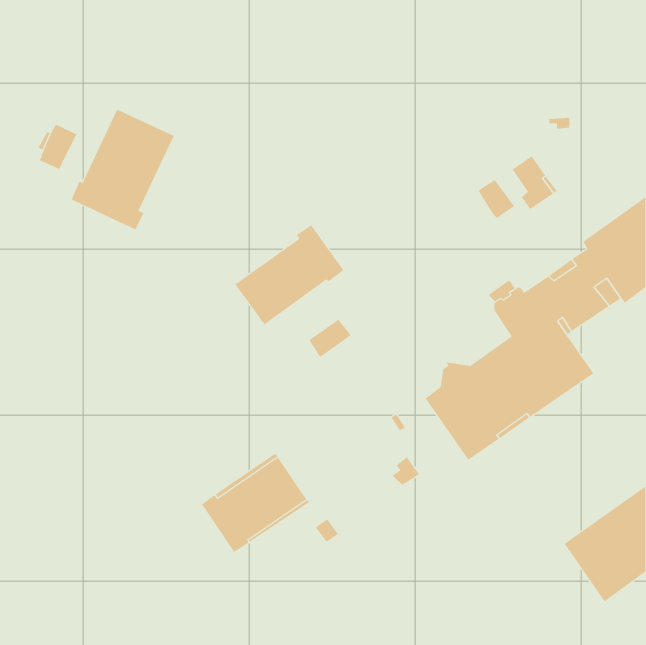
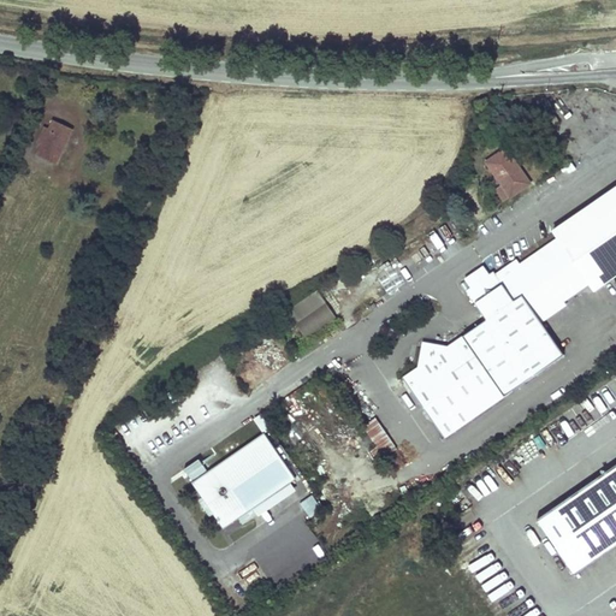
building: [71,109,175,230] -> none
building: [478,179,515,219] -> none
building: [235,224,344,325] -> none

